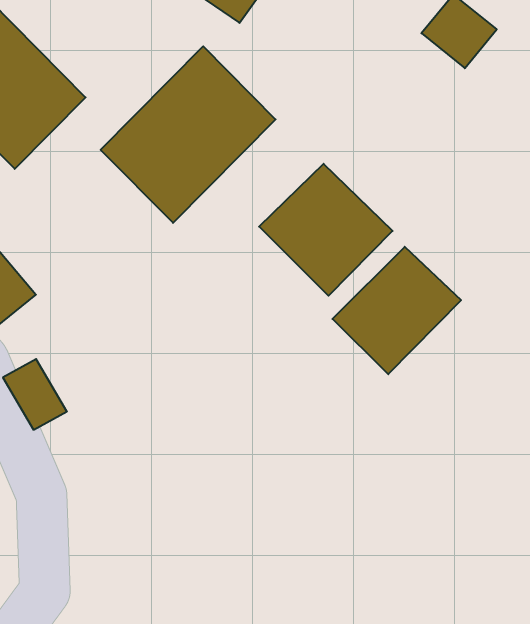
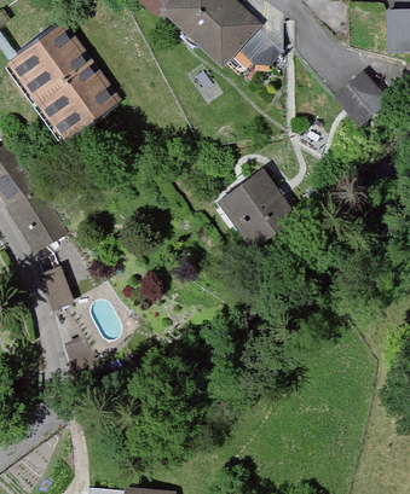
building: [101,46,276,223] -> none
building: [332,247,461,374] -> none

